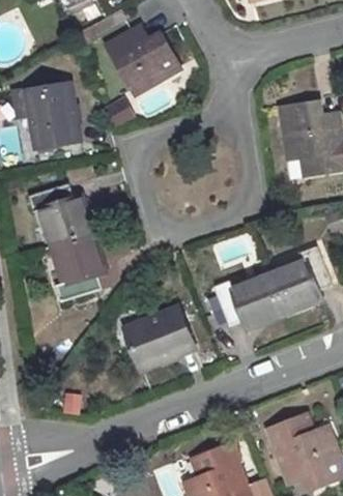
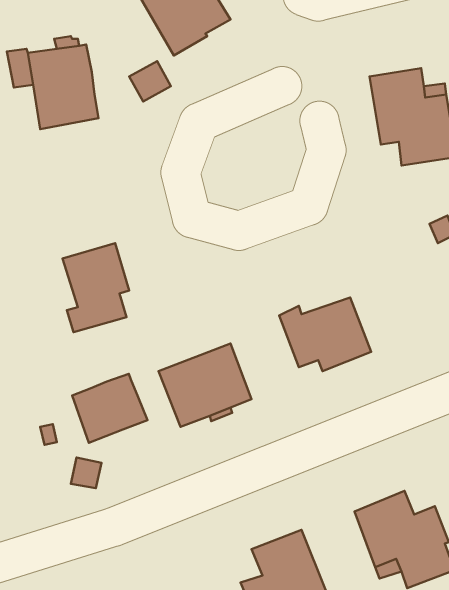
building: [28,183,91,244] -> none
building: [266,245,331,314] -> none
building: none -> [72,374,148,443]

